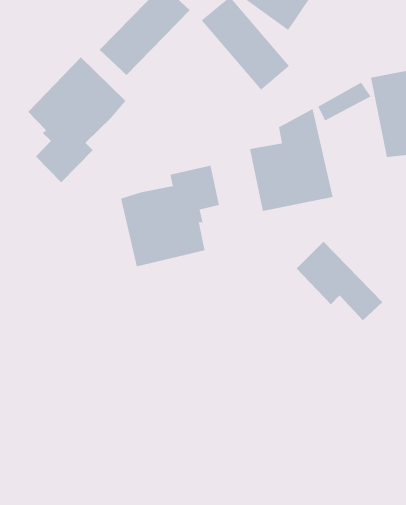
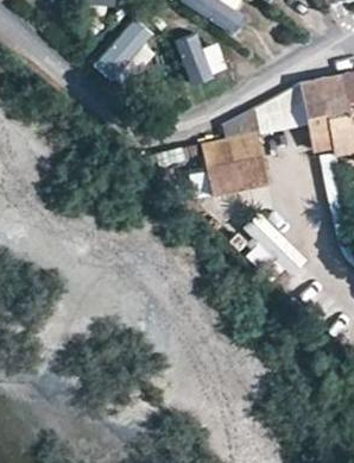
building: [27,56,126,183] -> none
building: [121,165,220,267] -> none

